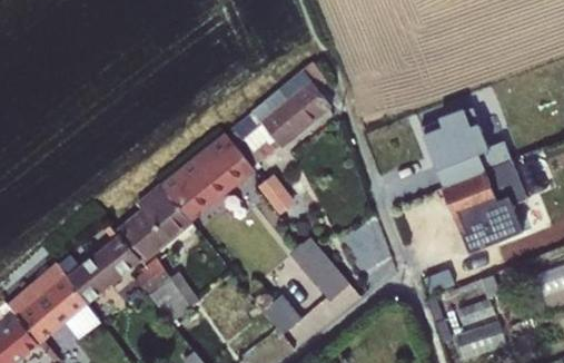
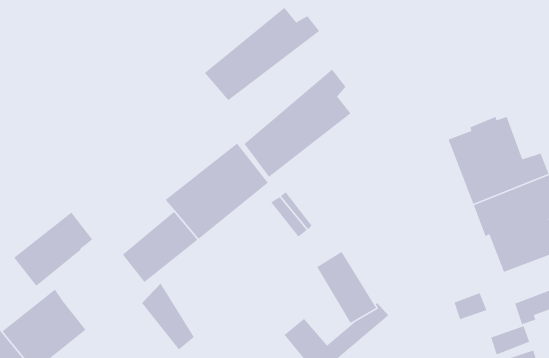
building: none -> [204,7,320,101]
building: [66,235,139,304] -> [13,211,93,287]

